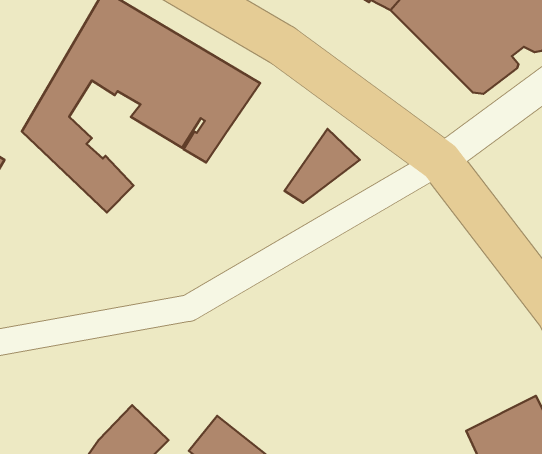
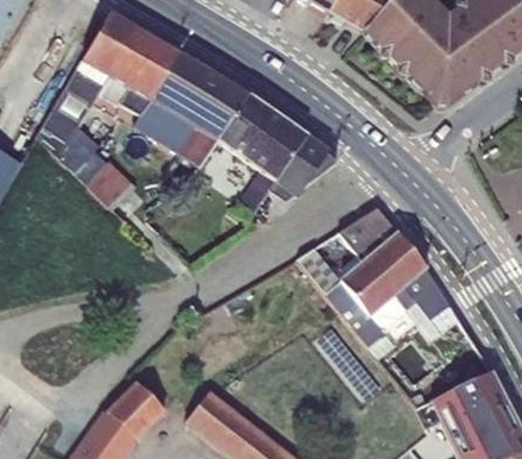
building: none -> [218,94,308,209]
building: none -> [298,206,460,357]

